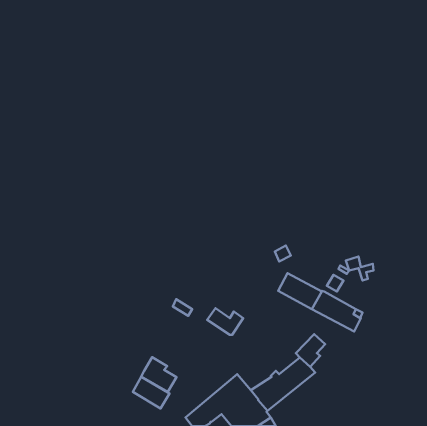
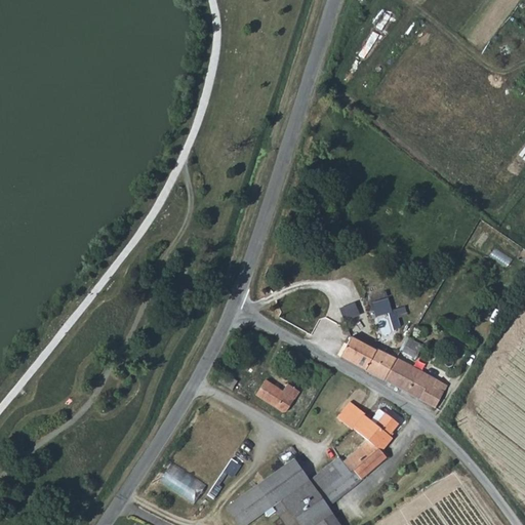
building: [346,256,374,281] -> [372,297,406,327]
building: none -> [338,396,386,434]
building: [141,357,177,392] -> none

